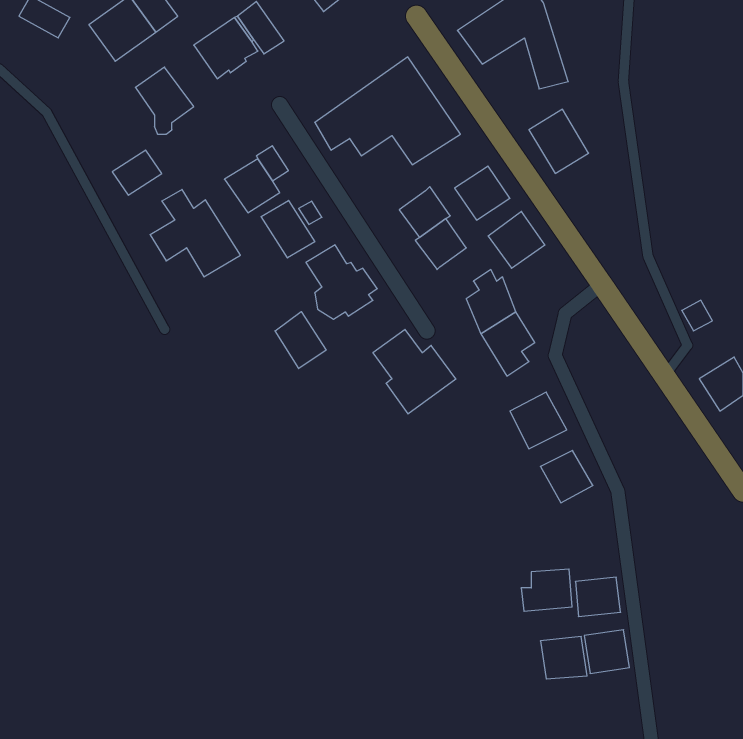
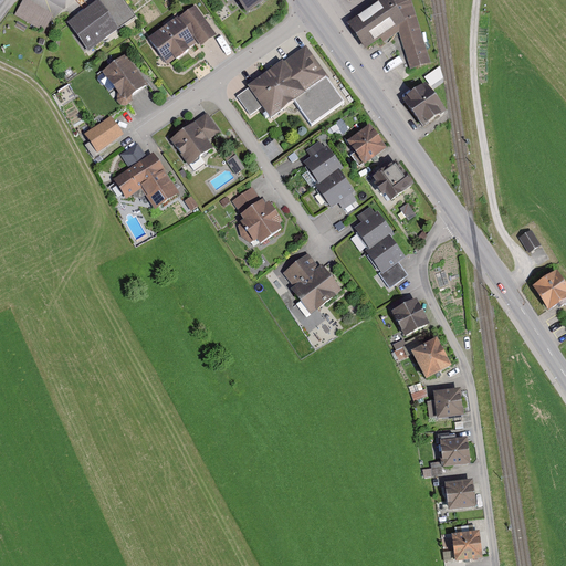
building: [261,200,315,258] -> none
building: [275,312,326,369] -> none
building: [521,569,572,611] -> [426,388,464,420]
building: [540,637,587,679] -> [448,524,483,556]

